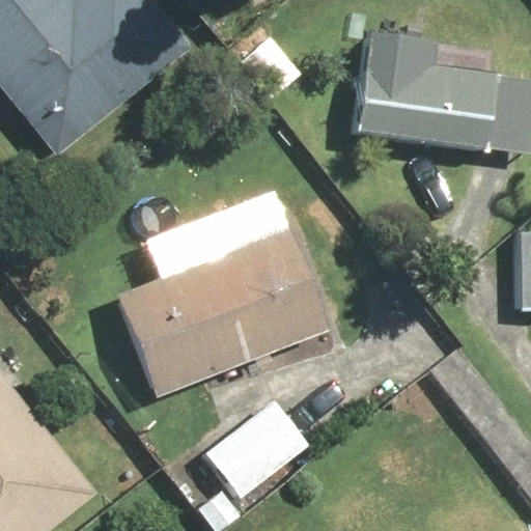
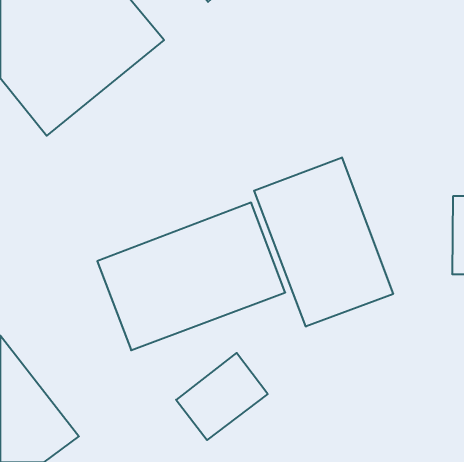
building: [355,31,498,148] -> none
building: none -> [254,157,393,327]

